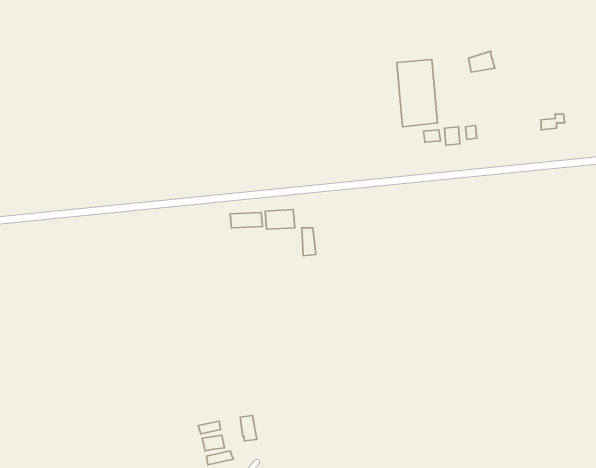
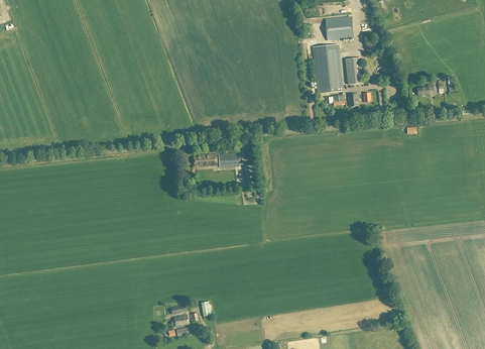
building: none -> [325,16,352,40]
building: none -> [345,57,362,84]

